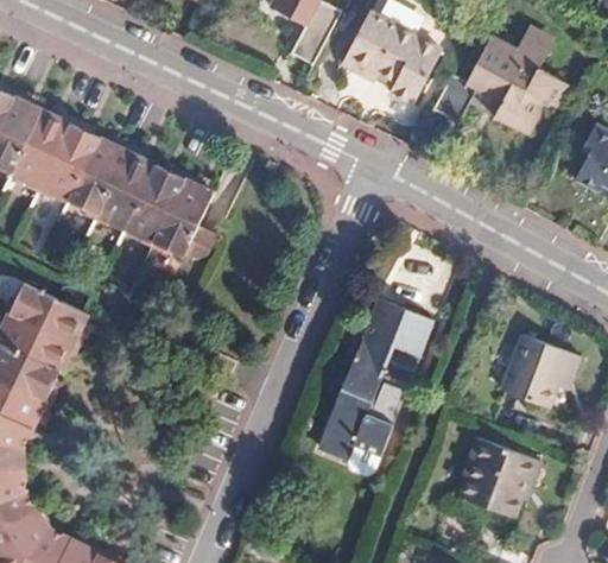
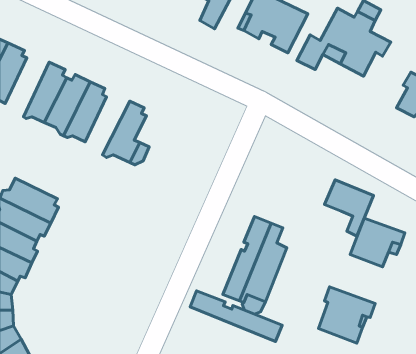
building: [10,105,72,192] -> none
building: [124,160,188,247] -> none
building: [366,299,436,380] -> [324,180,373,236]
building: none -> [190,291,282,341]

